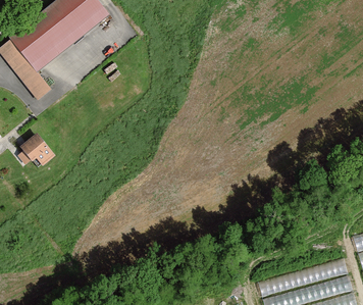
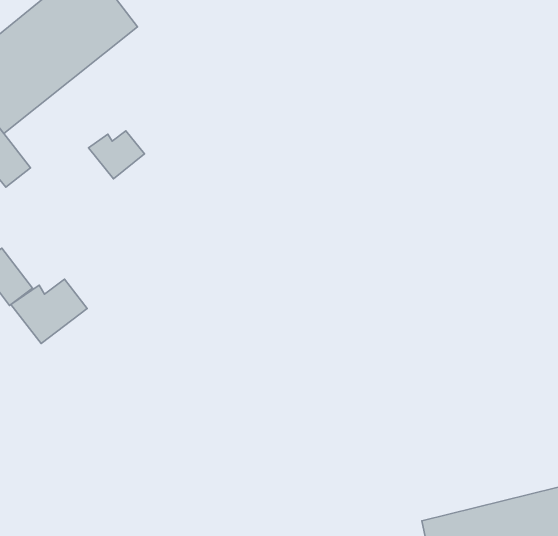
building: none -> [88,131,145,179]
building: none -> [11,279,87,344]

